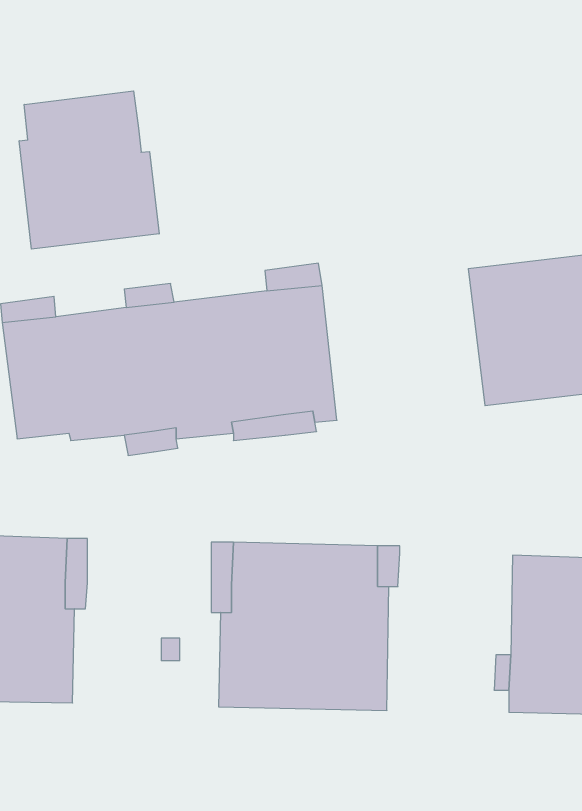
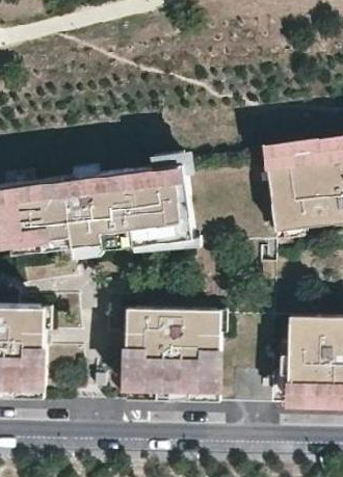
building: [19,91,159,249] -> none

